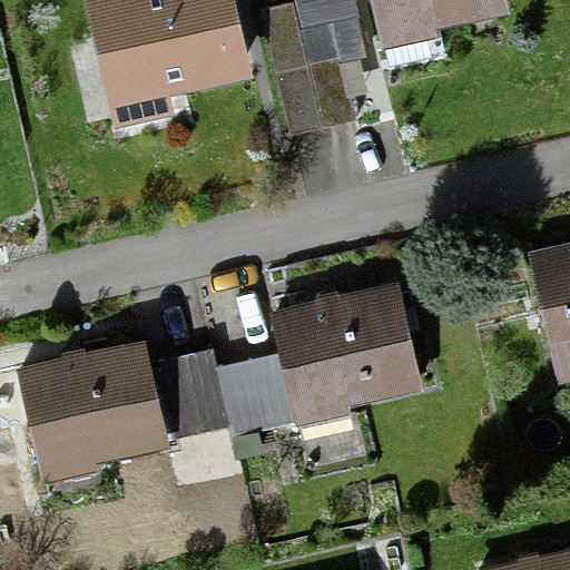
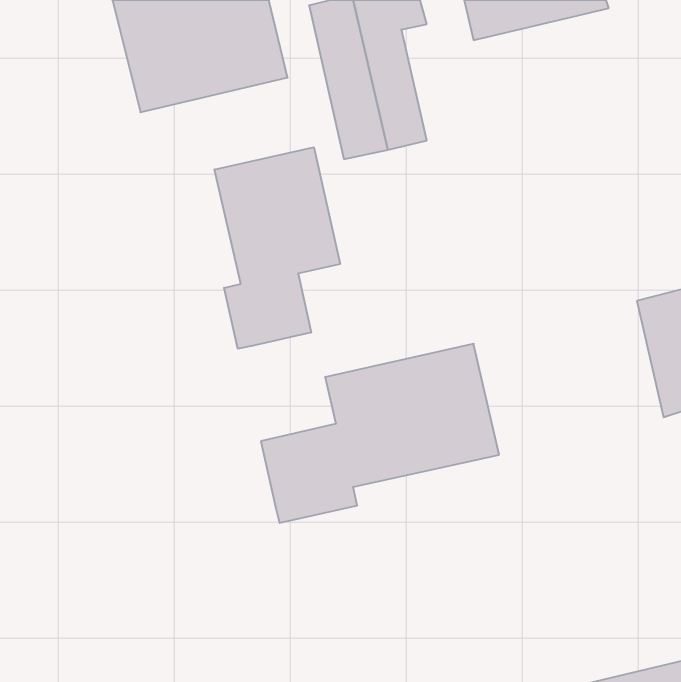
building: none -> [214,147,340,349]
building: [22,343,167,465] -> none
building: [161,346,232,435] -> none

